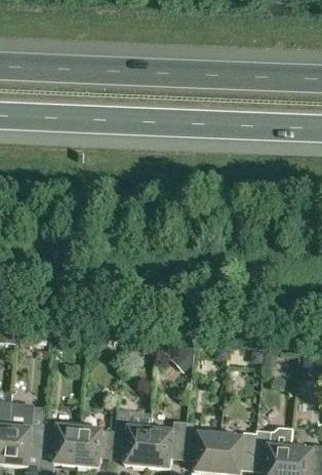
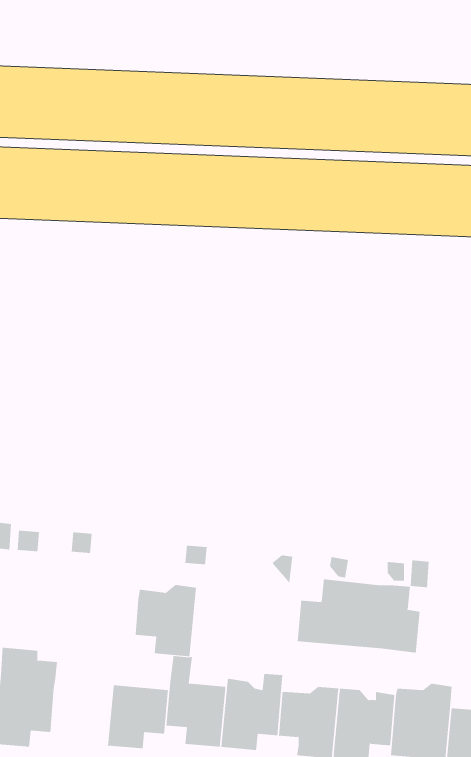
building: none -> [297,579,420,653]
building: [41,421,80,466] -> [134,584,197,657]

